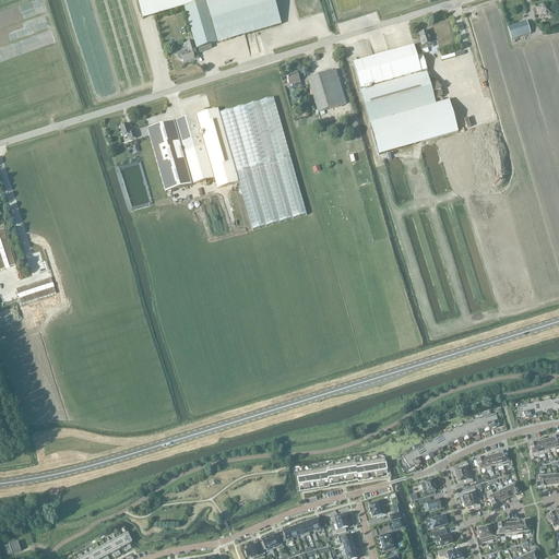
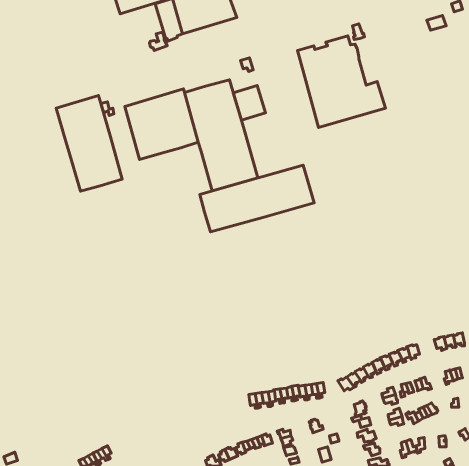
building: [308,68,346,109] -> [233,85,265,120]
building: none -> [56,96,122,191]
building: none -> [200,165,314,232]

